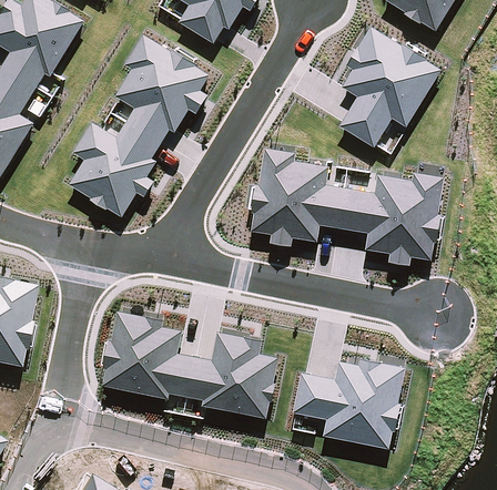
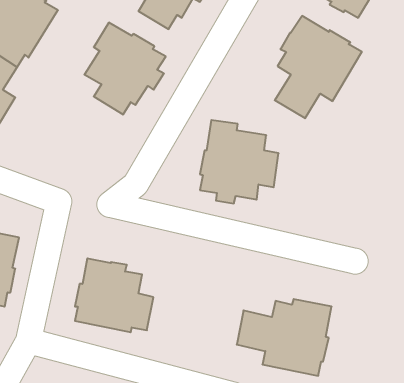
building: [69,121,160,216] -> none
building: [336,172,444,265] -> none
building: [187,331,277,417] -> none

